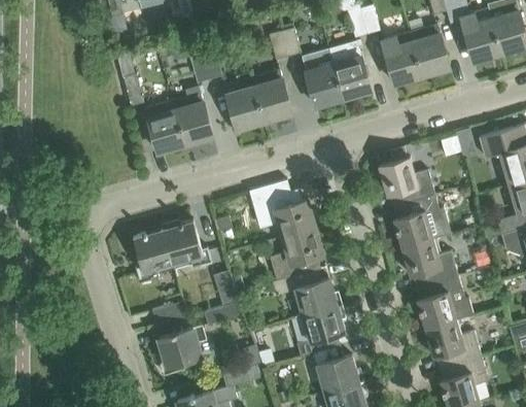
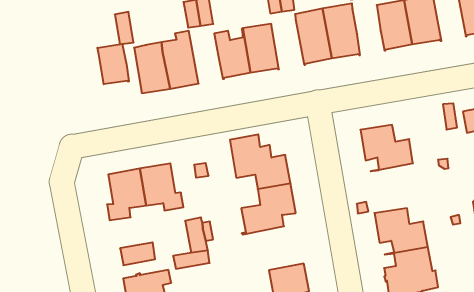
building: none -> [97,44,129,84]
building: [393,195,452,248] -> none
building: [273,269,337,316] -> none

